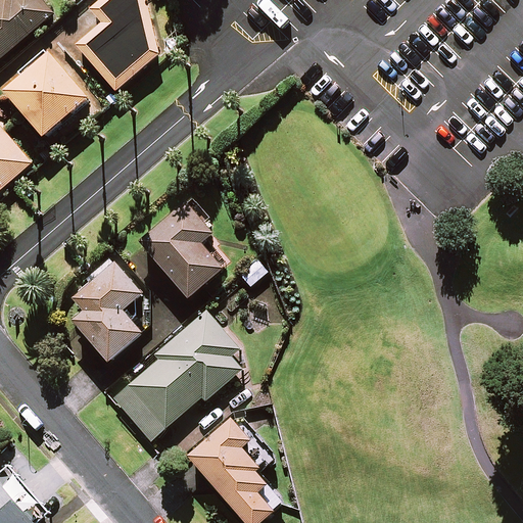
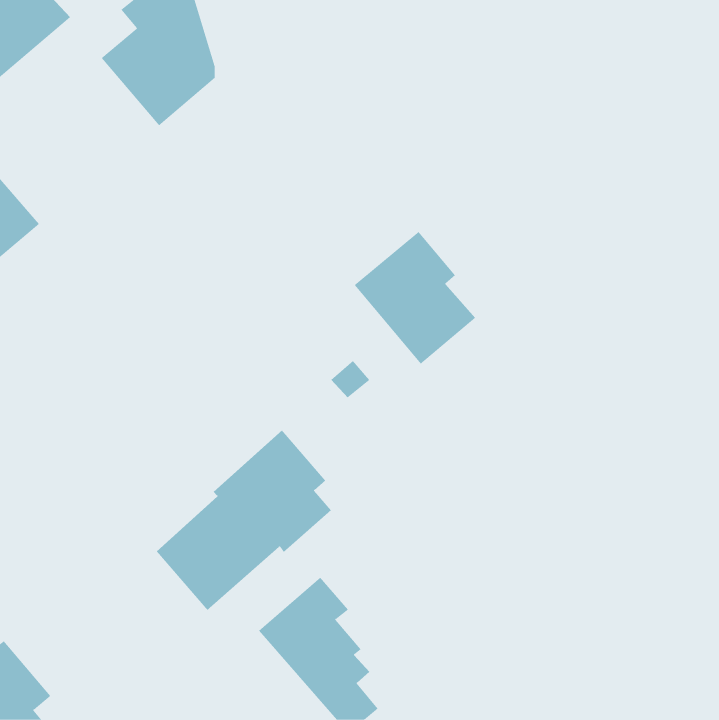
building: [4,51,91,138] -> none
building: [139,202,227,298] -> [354,231,476,364]
building: [73,263,141,363] -> none

